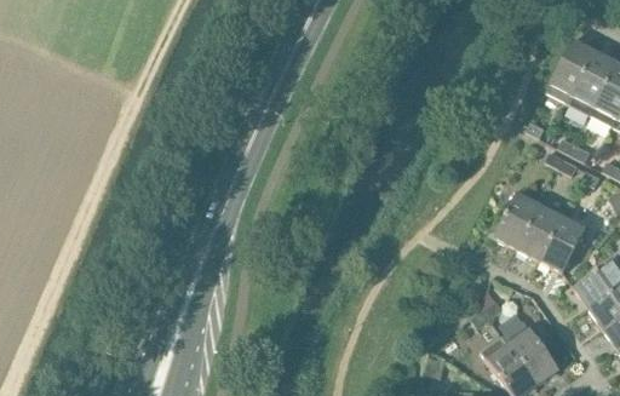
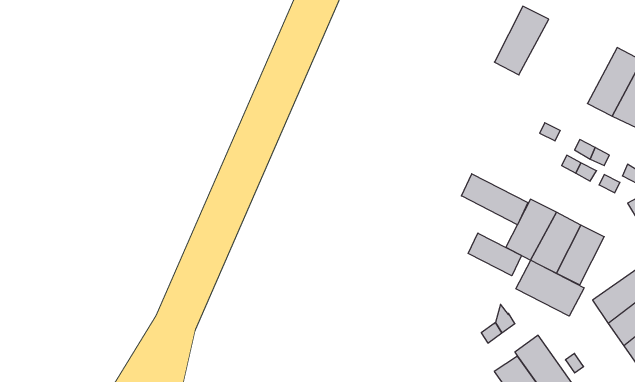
building: [546,38,597,102] -> [494,6,549,75]
building: none -> [461,174,528,225]
building: none -> [468,233,521,276]
building: none -> [516,260,584,316]

